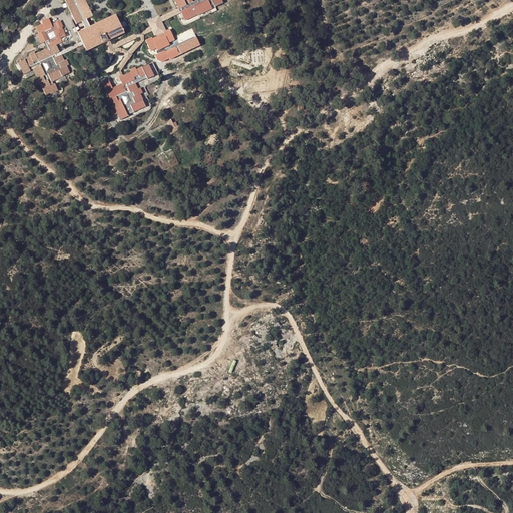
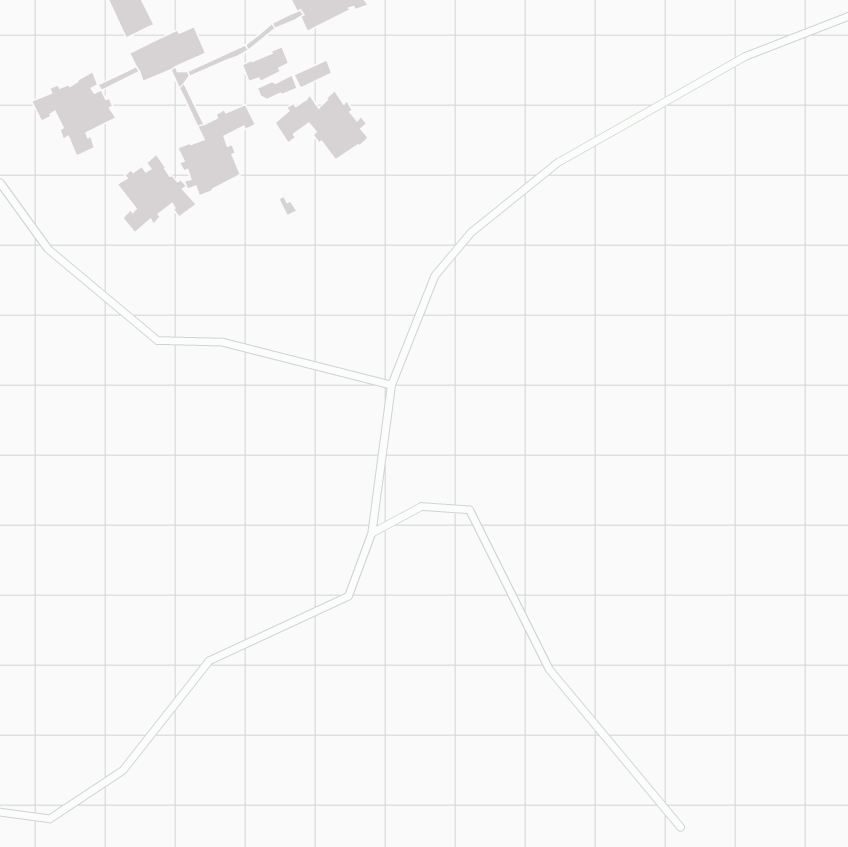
building: [36,17,66,47] -> none
building: none -> [275,91,368,160]
building: none -> [117,154,196,233]

